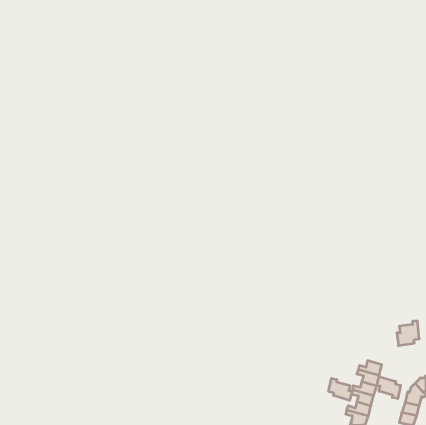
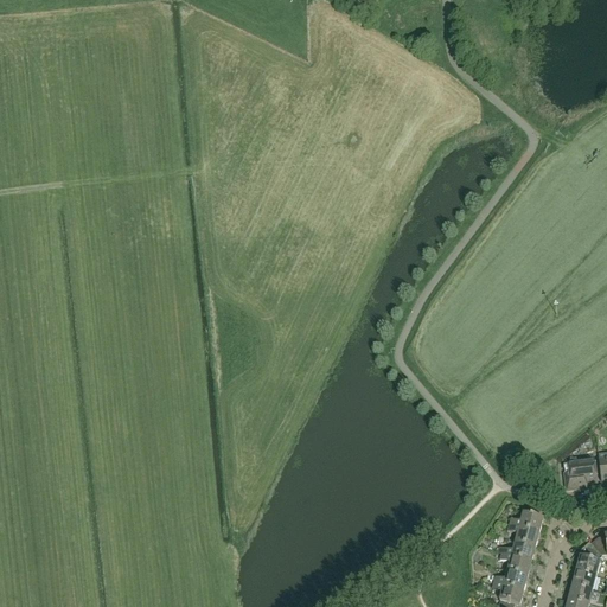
building: [377,376,401,399] -> none
building: [329,378,352,400] -> none

